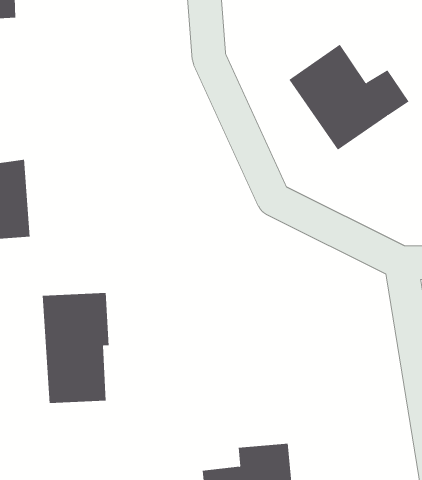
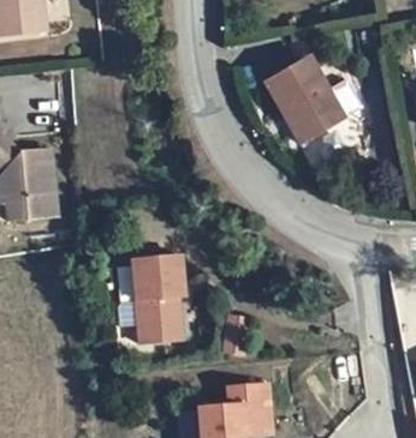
building: [42,293,109,404] -> [129,253,185,346]

